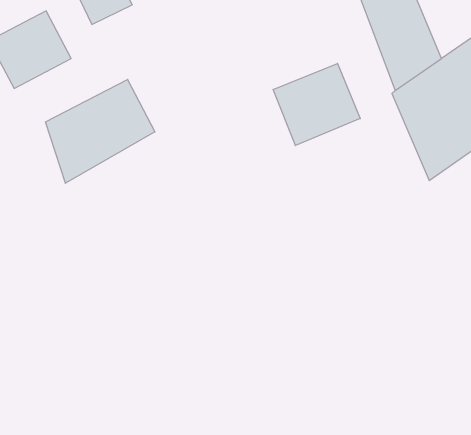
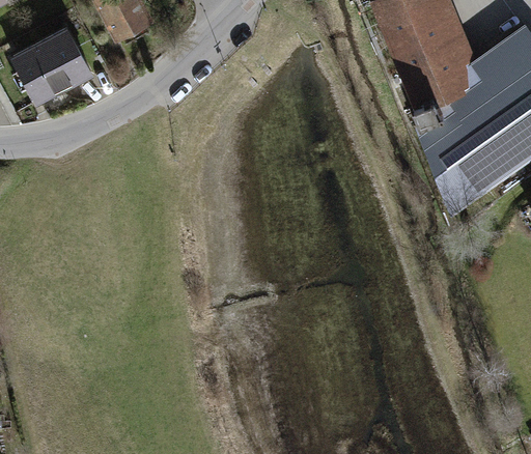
building: [273,63,360,146] -> none
building: [46,79,155,183] -> none

